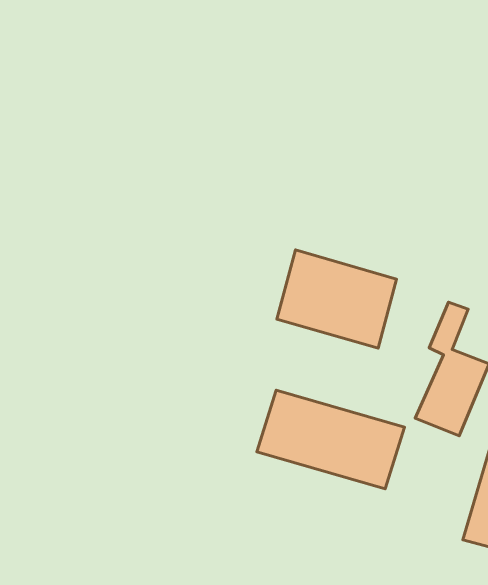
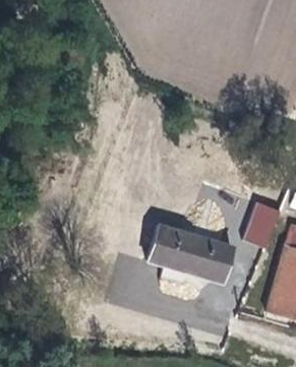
building: [277,250,397,348] -> none

